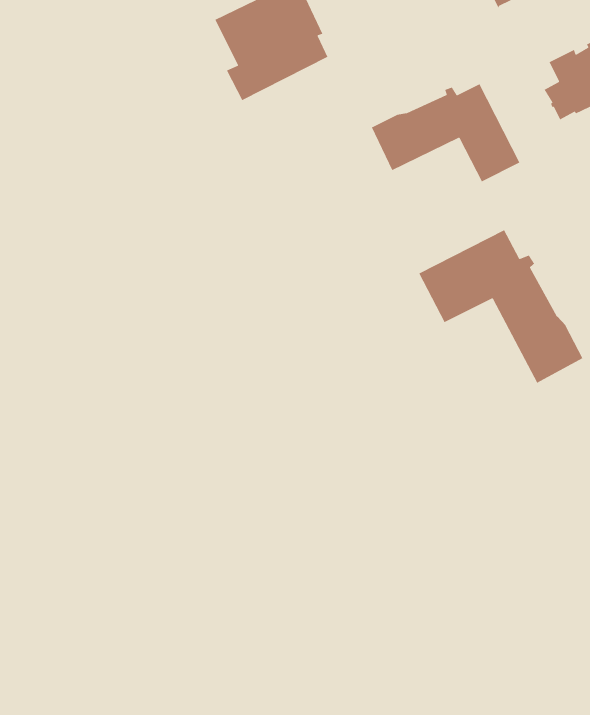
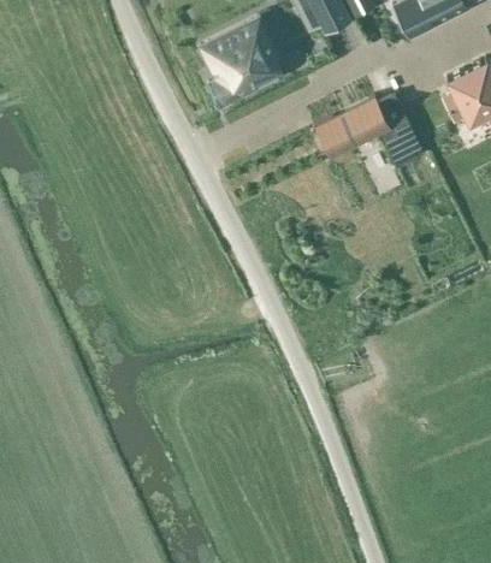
building: [418,229,583,384] -> none

